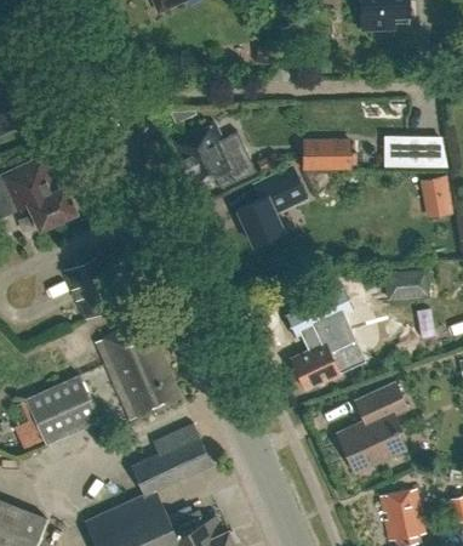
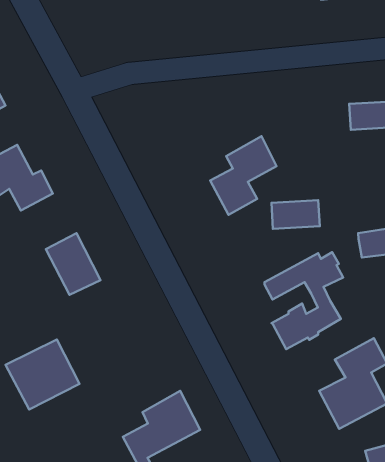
building: [172,125,234,188] -> none
building: [302,143,350,170] -> [271,200,320,229]
building: [96,320,179,420] -> none

